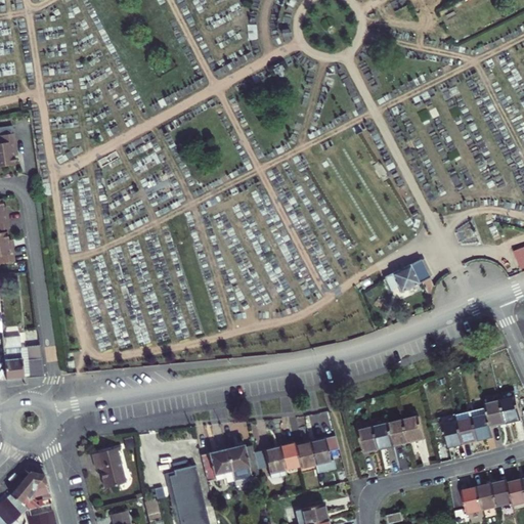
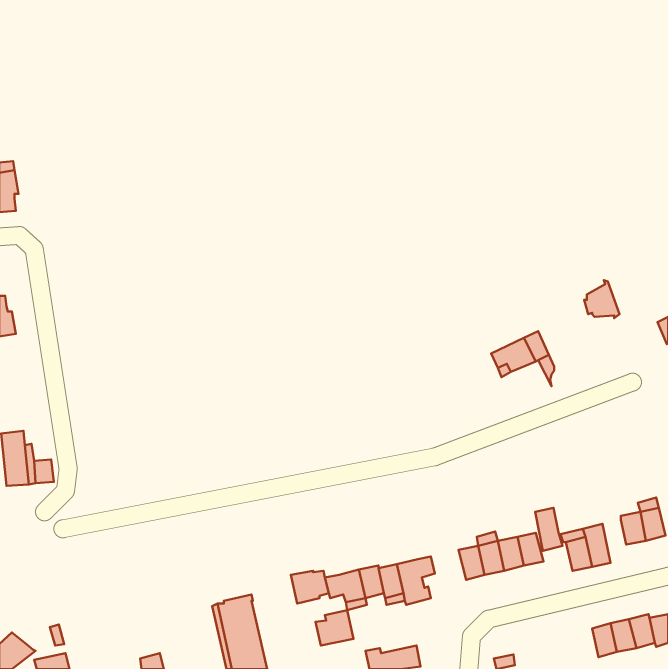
building: [471,406,492,440] -> [535,508,563,551]
building: [92,447,125,487] -> none
building: [203,449,232,477] -> [316,610,354,645]
building: [9,471,45,503] -> none

